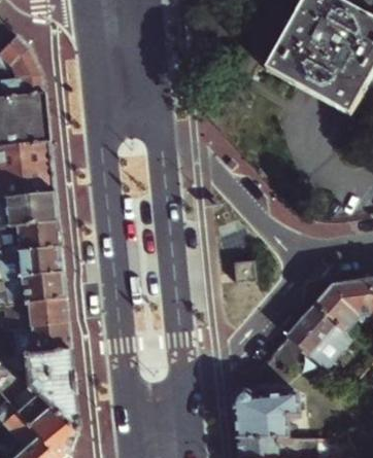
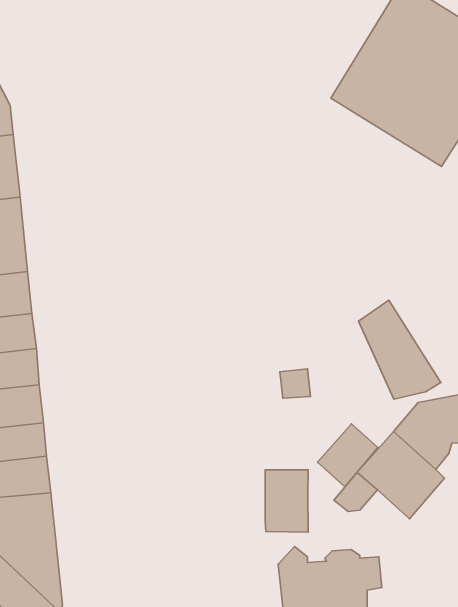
building: none -> [359,300,441,399]
building: none -> [318,424,378,487]
building: none -> [265,470,308,532]

